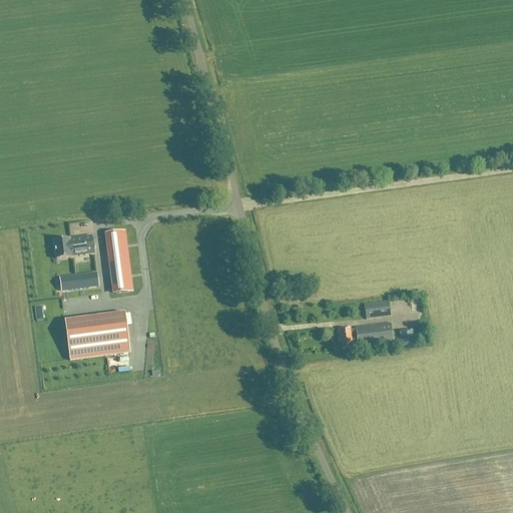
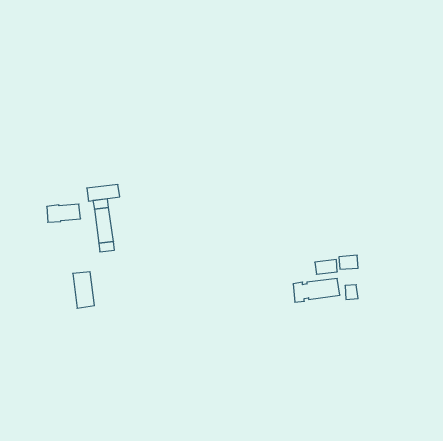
building: [59,271,97,290] -> [87,185,120,201]
building: [104,311,129,353] -> none
building: [64,316,89,358] -> none

